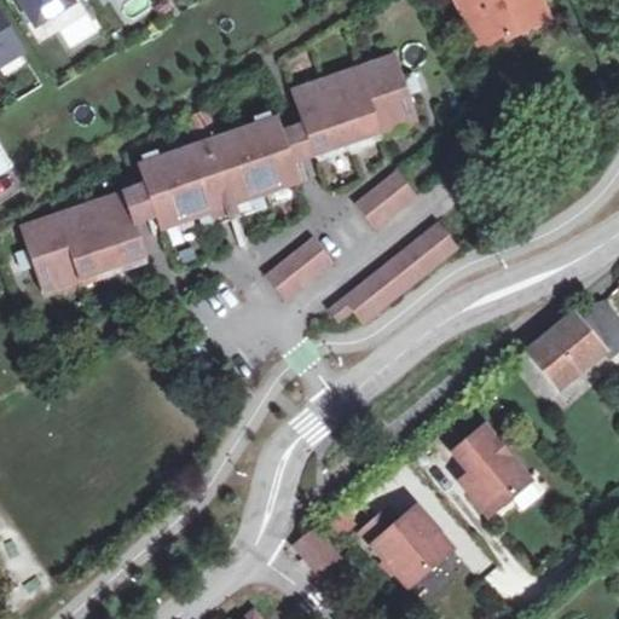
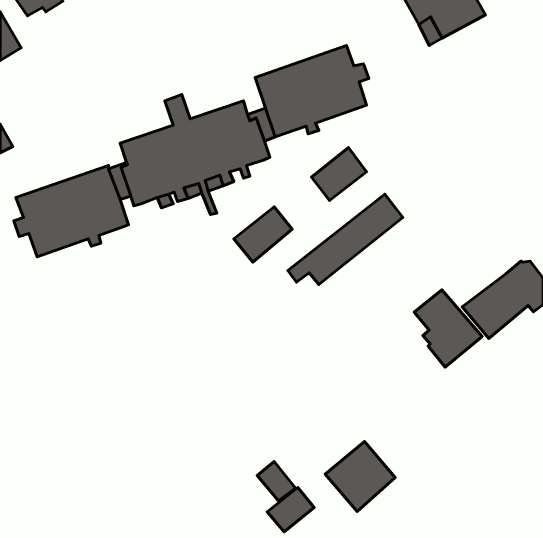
building: [451,422,528,510] -> [414,290,482,367]
building: none -> [267,488,314,532]

